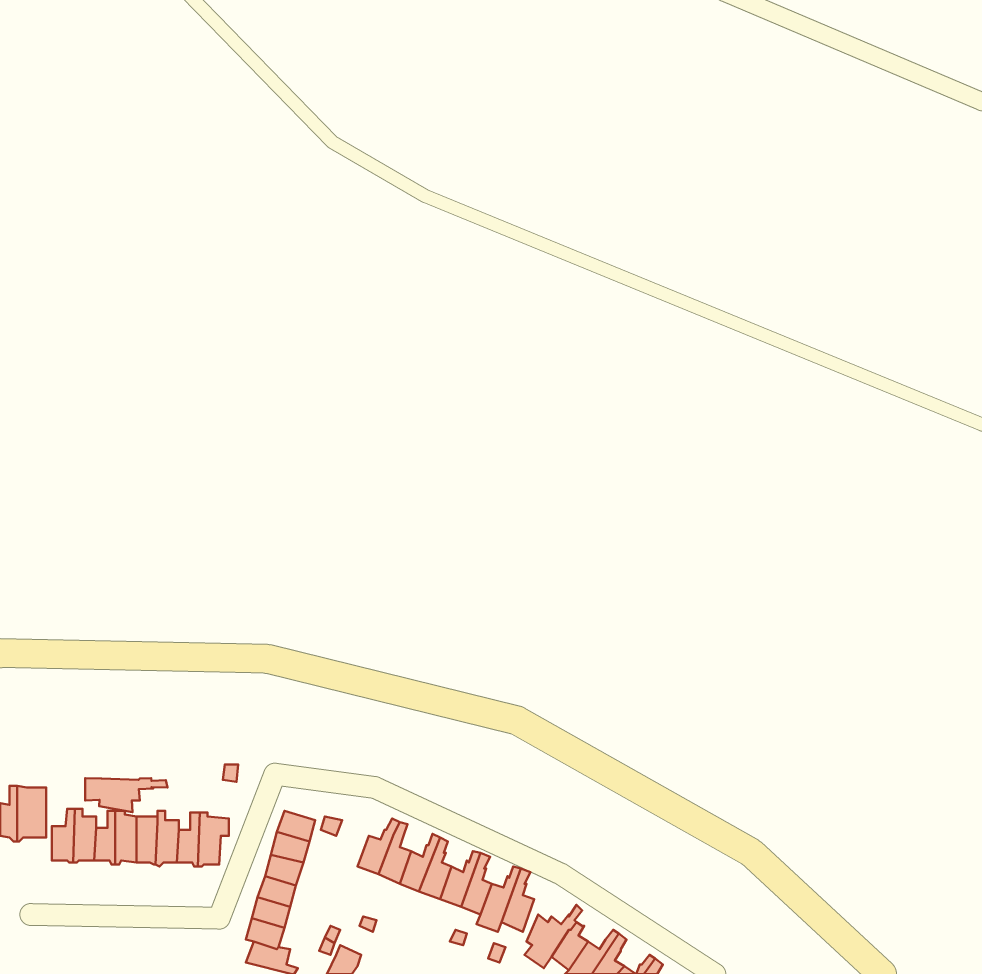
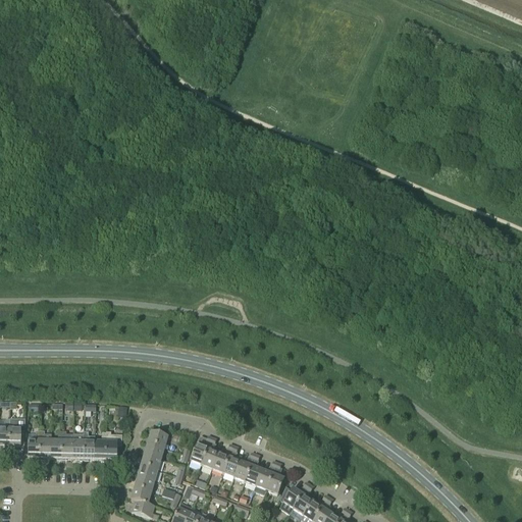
building: [85,778,167,812] -> none

